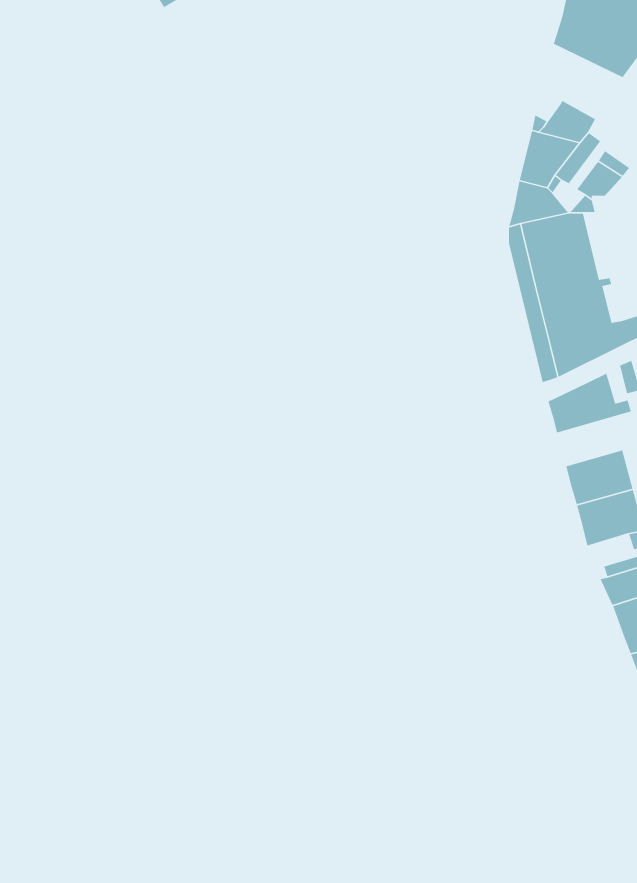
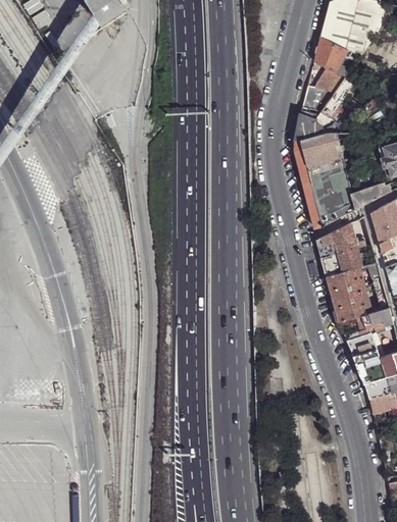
building: none -> [312,36,358,77]
building: none -> [320,247,361,275]

